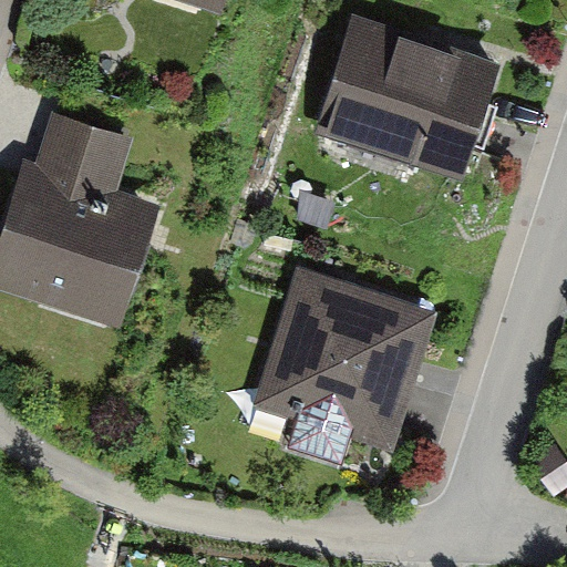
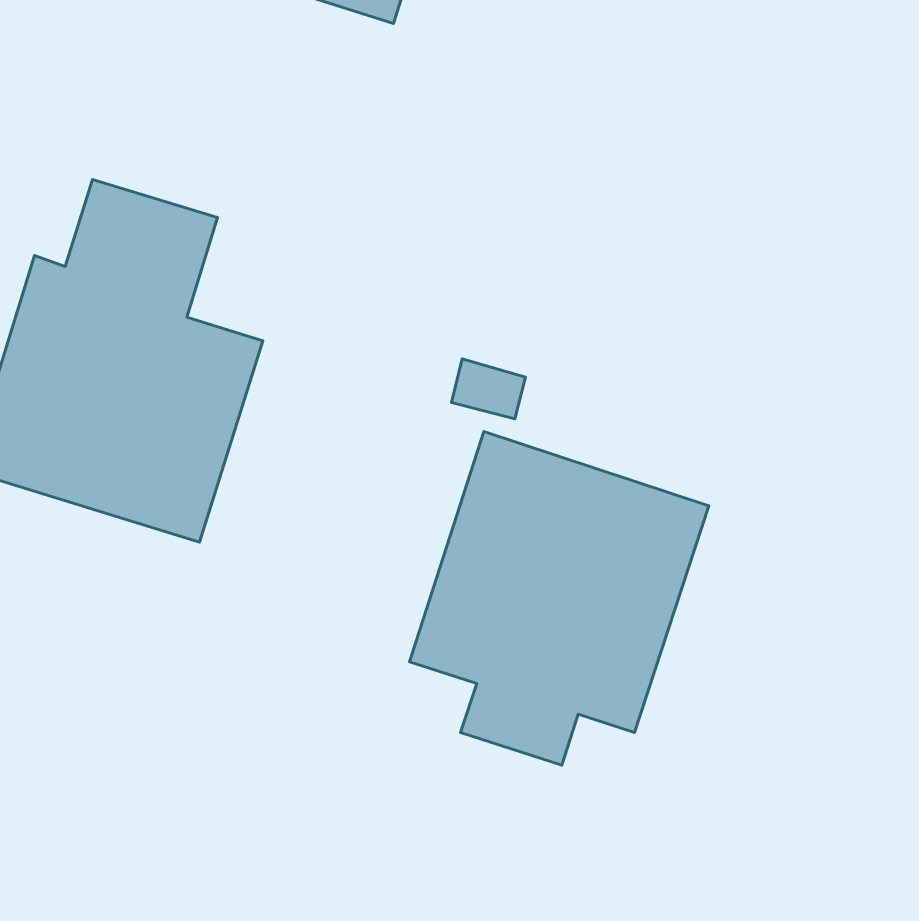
building: [307,10,504,178] -> none

